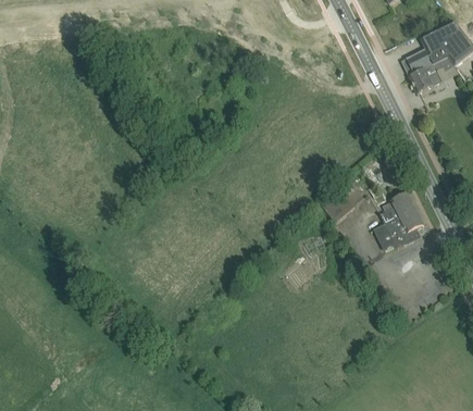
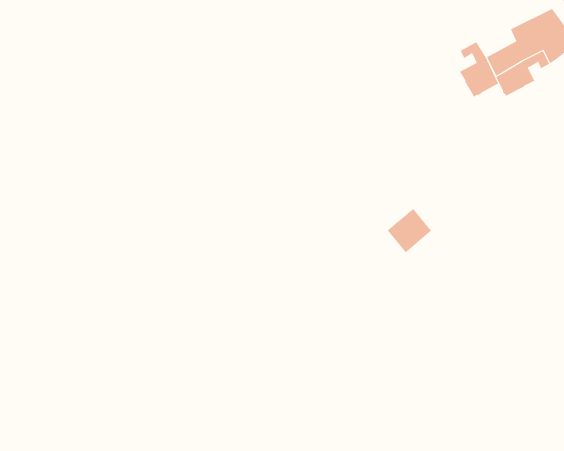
building: none -> [459,41,499,98]
building: [373,190,424,249] -> none

